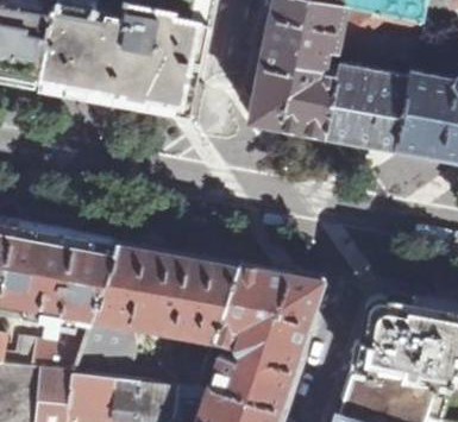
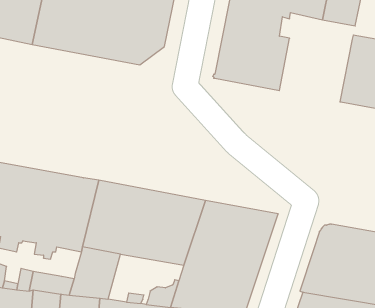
building: [325,67,409,152] -> none

